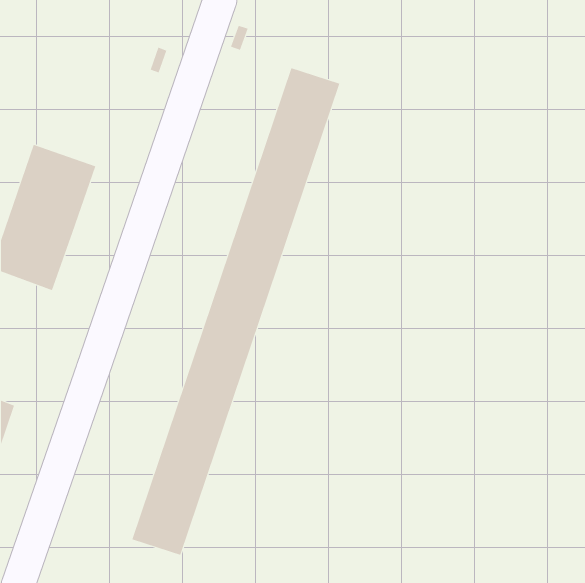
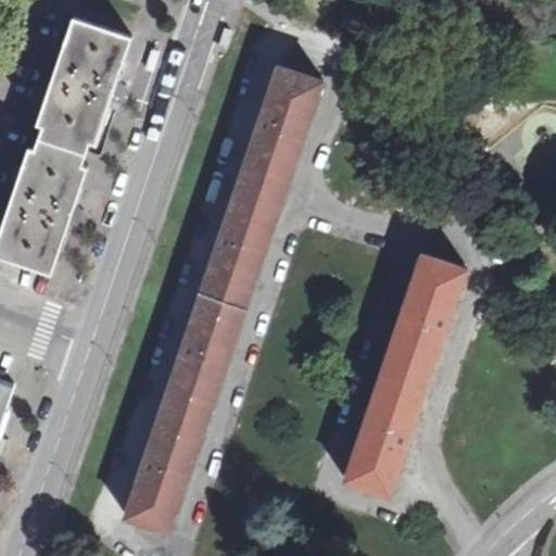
building: none -> [31,21,132,160]
building: none -> [340,252,466,492]

